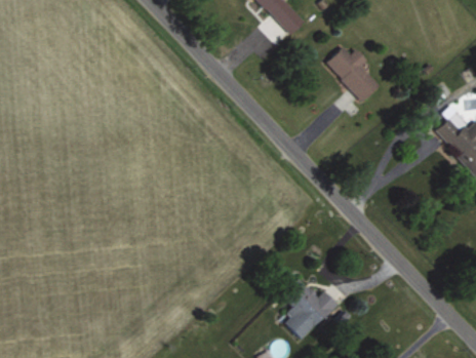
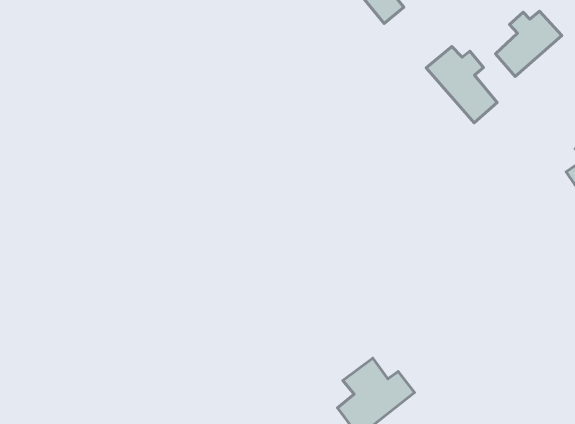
building: none -> [495,11,562,77]

